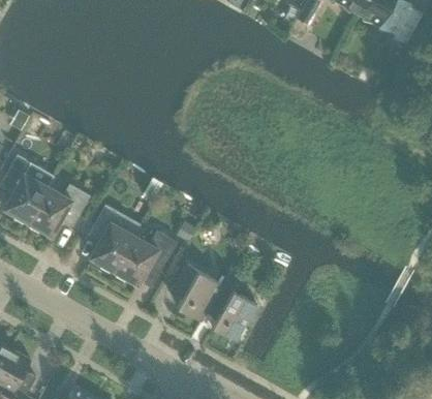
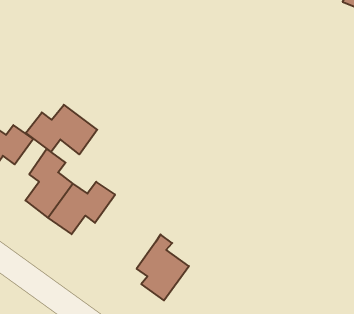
building: none -> [26,105,97,154]
building: [169,264,220,319] -> none

